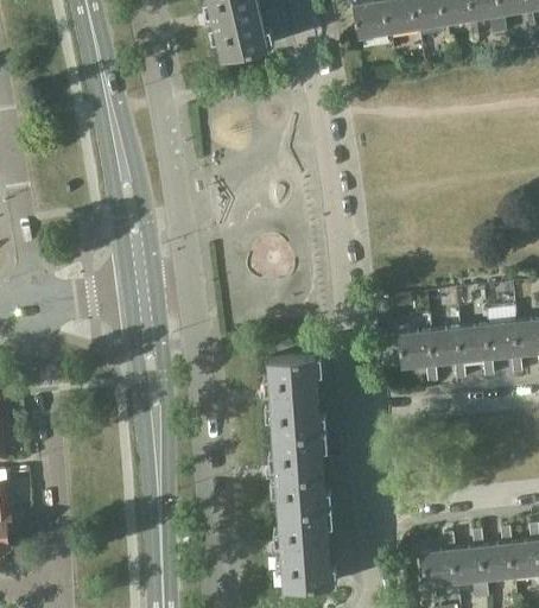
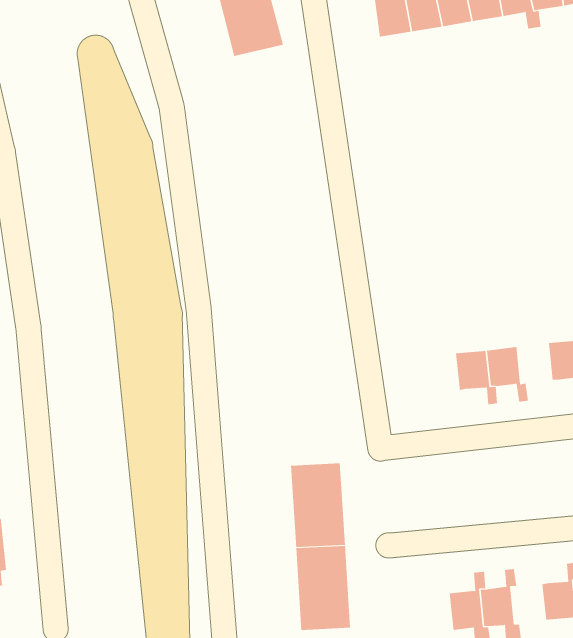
building: [482,322,521,373] -> none
building: [397,331,436,382] -> none
building: [267,355,319,435] -> none
building: [476,526,511,581] -> none

